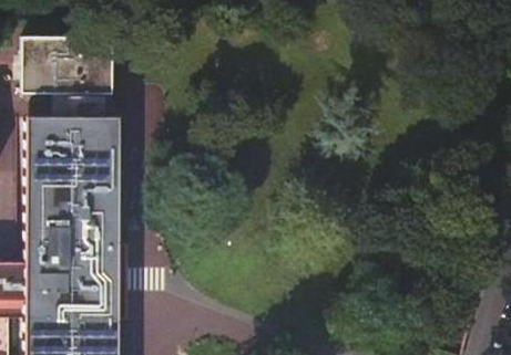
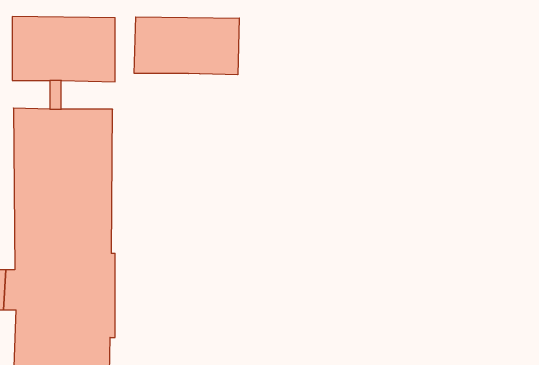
building: none -> [134,17,239,75]

